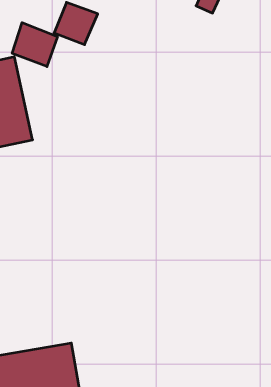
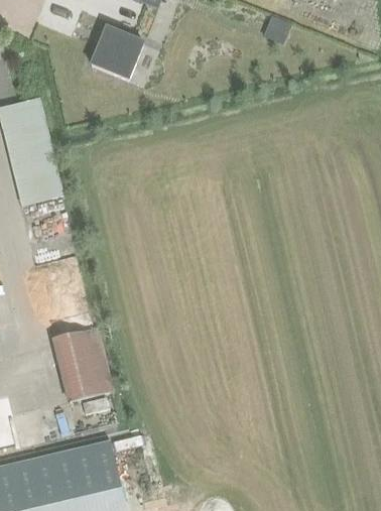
building: [12,23,57,67] -> none
building: none -> [51,326,114,401]

